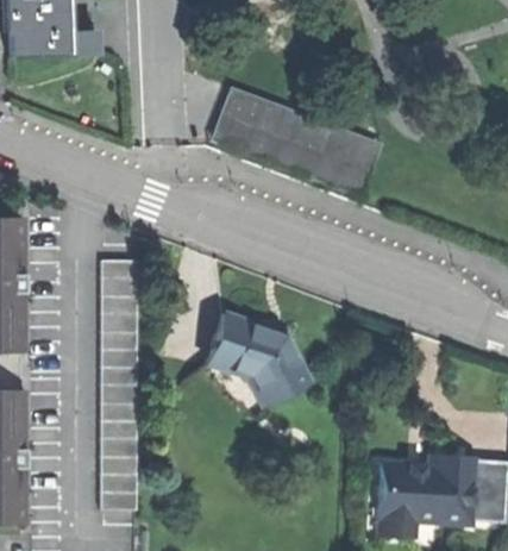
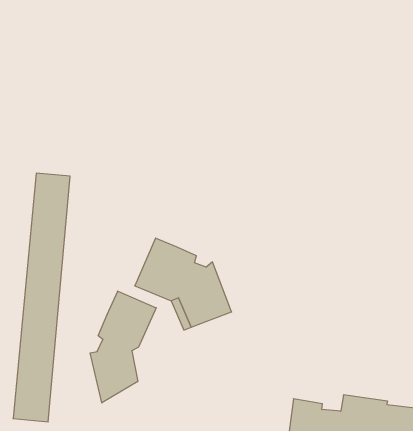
building: [209,84,381,193] -> none
building: none -> [90,291,156,403]

